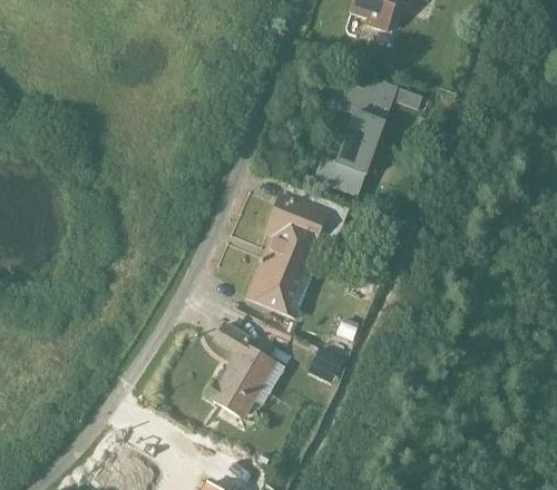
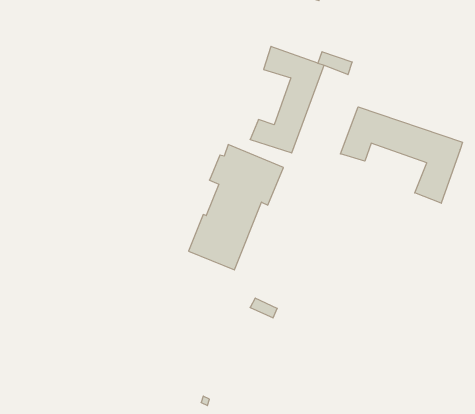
building: none -> [340,107,463,203]
building: [207,322,275,416] -> none

